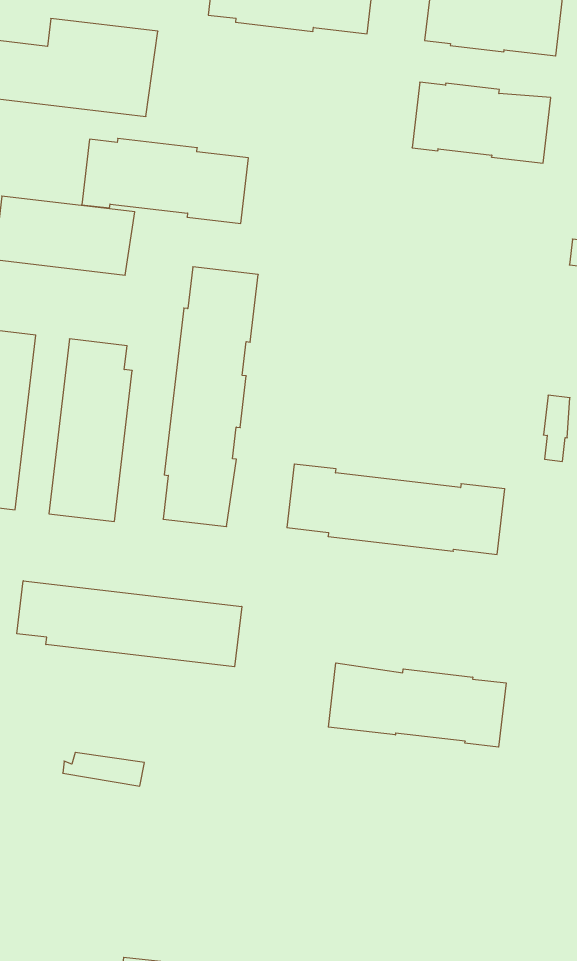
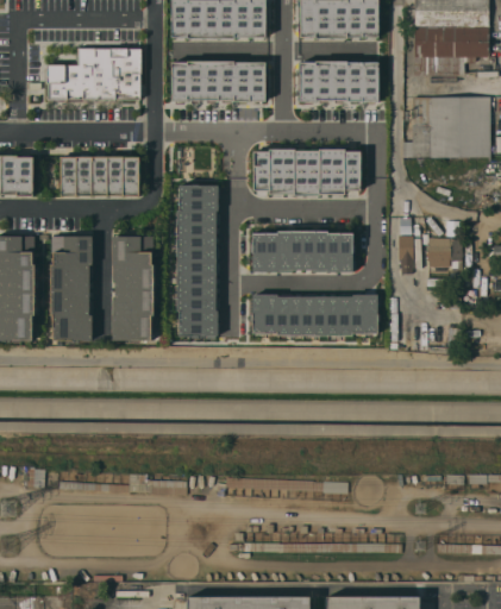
building: [82,138,248,223] -> [170,58,265,100]
building: none -> [253,147,361,193]
building: none -> [252,231,353,271]
building: [17,581,242,667] -> none
building: [328,663,506,747] -> none

